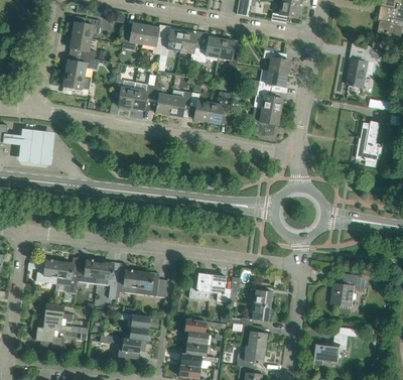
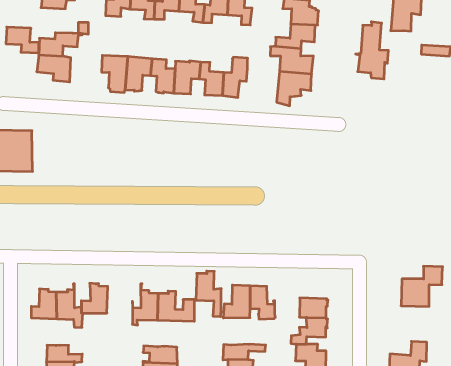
building: [70,35,96,58] -> [6,27,39,53]
building: [356,120,382,166] -> [356,22,388,79]
building: [97,261,118,298] -> [196,271,221,317]

